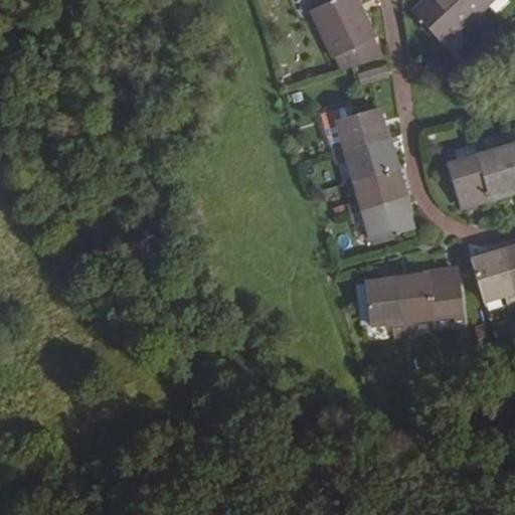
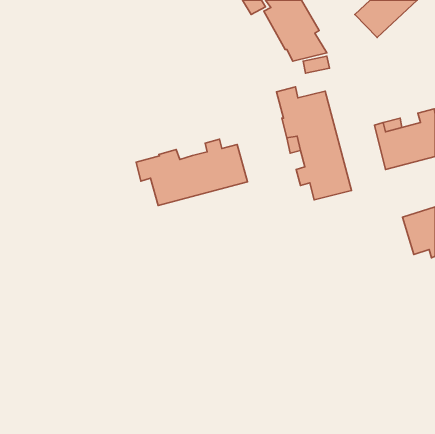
building: none -> [136,139,248,205]
building: [350,267,466,333] -> none

